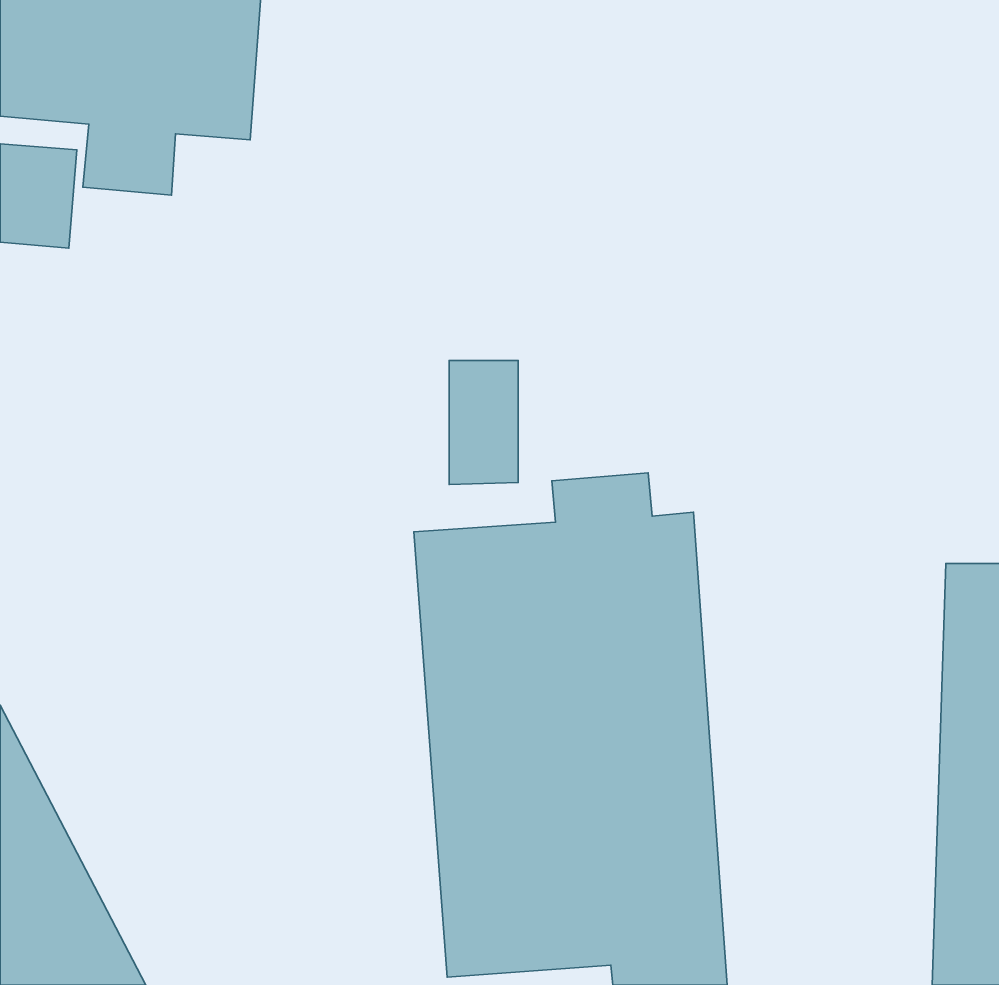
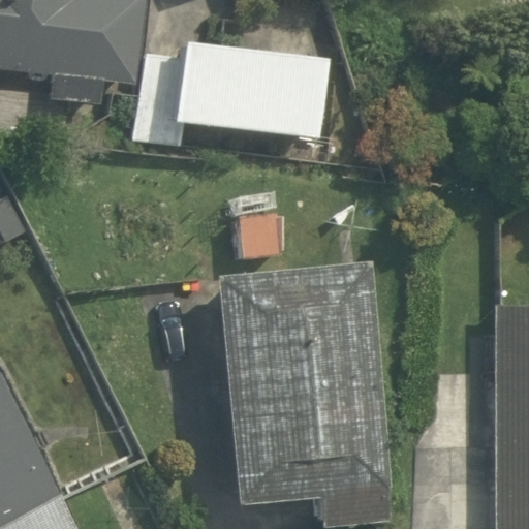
building: none -> [137,39,332,138]

